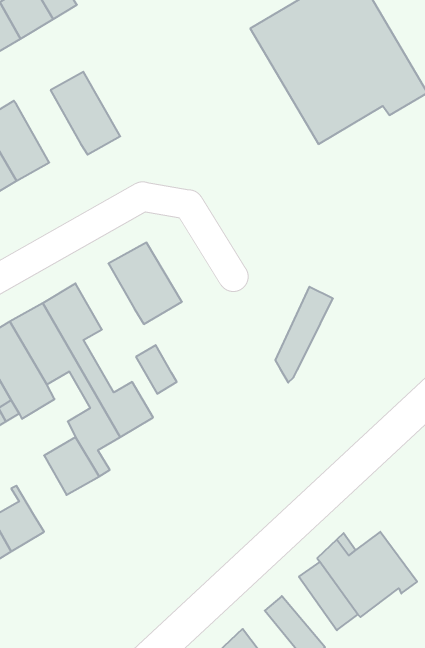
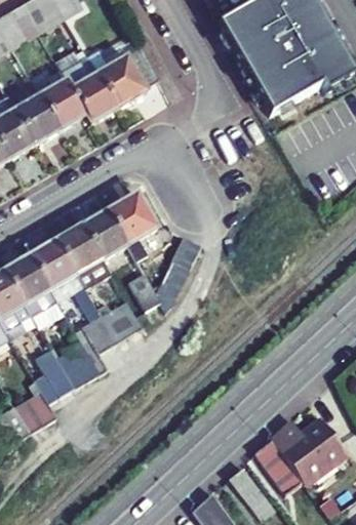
building: none -> [85,46,157,109]
building: none -> [34,70,84,129]
building: none -> [80,208,126,259]
building: [275,287,333,383] -> [155,236,200,311]
building: none -> [34,350,73,404]

